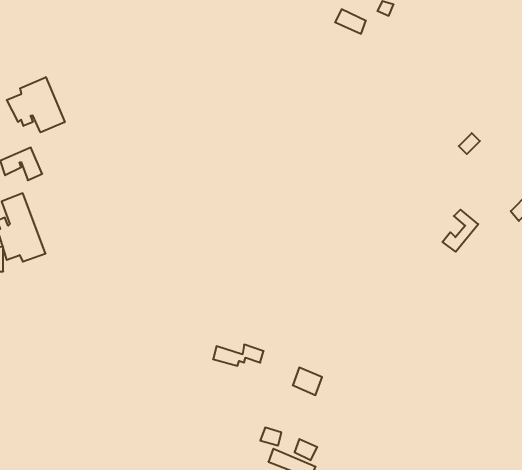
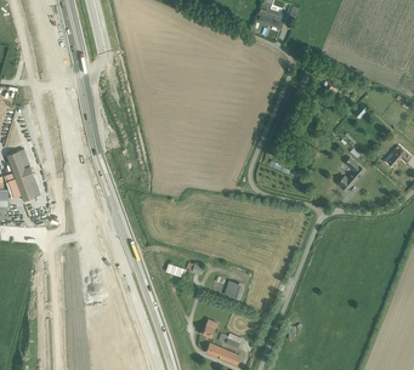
building: [7,77,65,132] -> none

